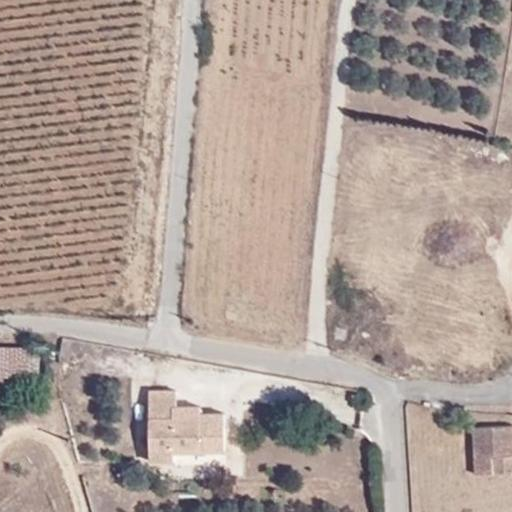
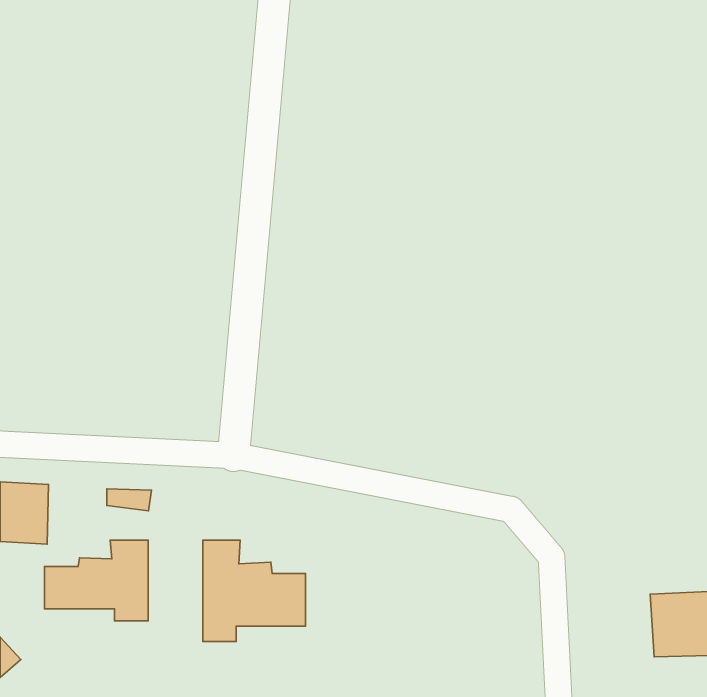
building: none -> [44,540,148,621]

